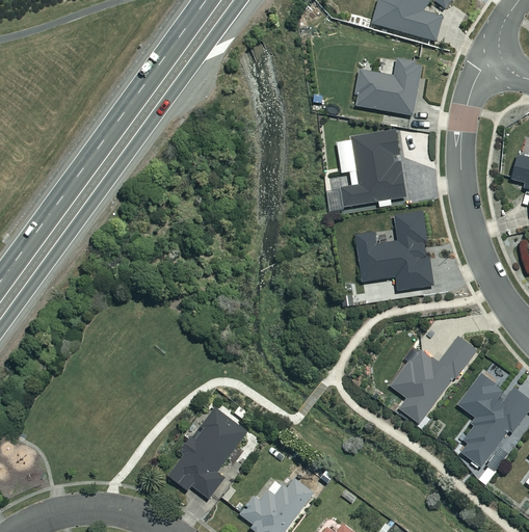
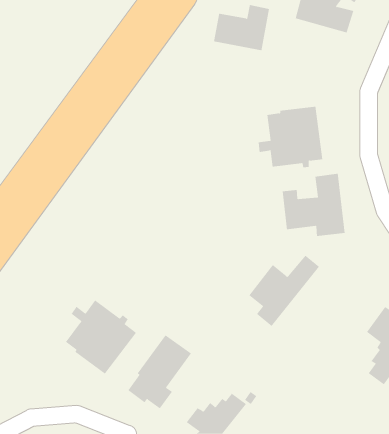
building: [352,59,421,115] -> [213,5,270,51]
building: [390,336,476,423] -> [249,255,320,327]
building: none -> [65,300,137,375]

